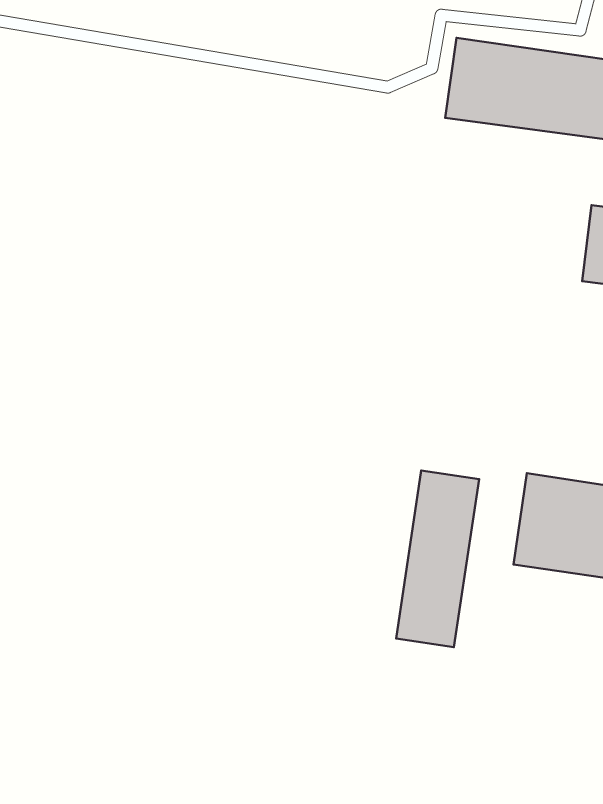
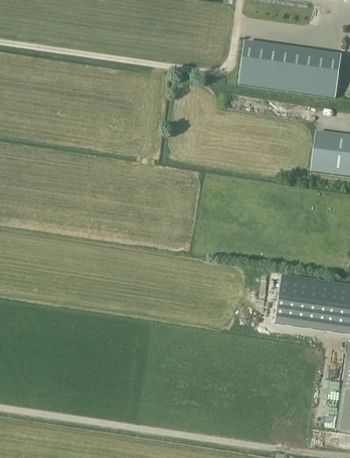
building: [396,470,479,647] -> none

